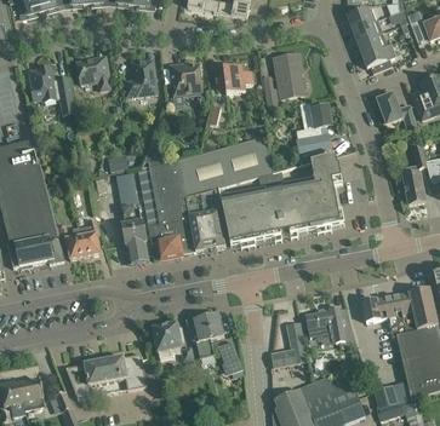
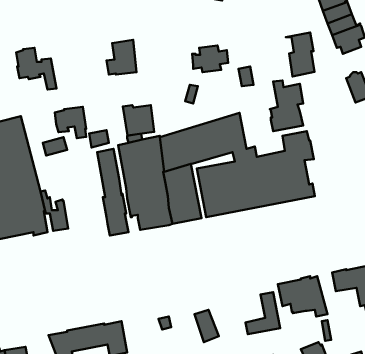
building: [273,52,303,98] -> [286,33,315,77]
building: [76,56,109,88] -> [55,107,86,138]
building: [168,63,201,94] -> [123,105,154,135]
building: [80,217,101,255] -> none
building: [184,310,223,357] -> none
building: [153,323,183,359] -> none

